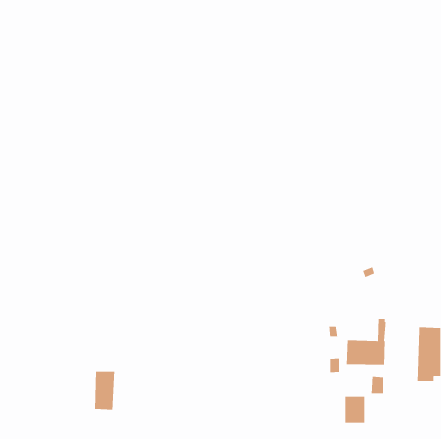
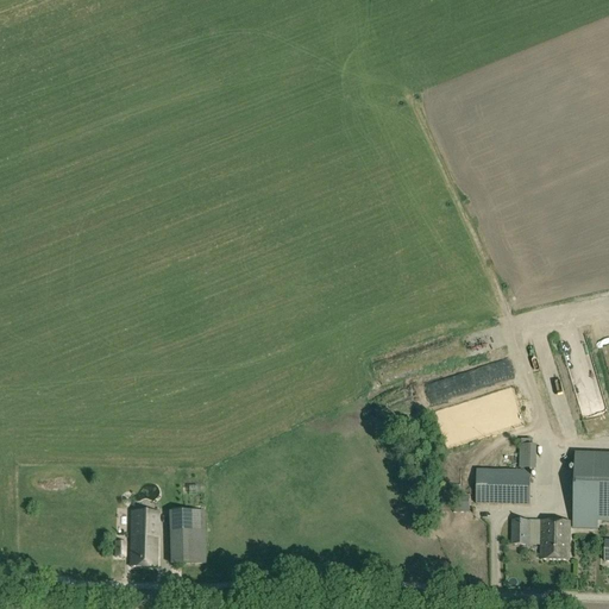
building: none -> [171,504,206,561]
building: [344,396,365,424] -> [540,519,569,557]

